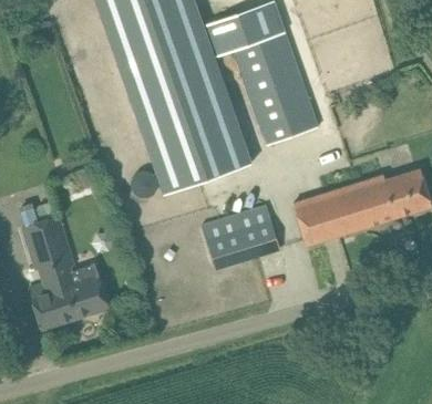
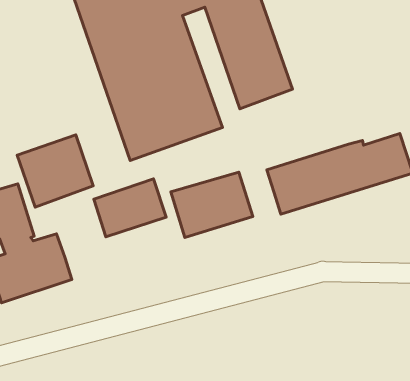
building: none -> [17,135,93,207]
building: none -> [94,179,166,237]

